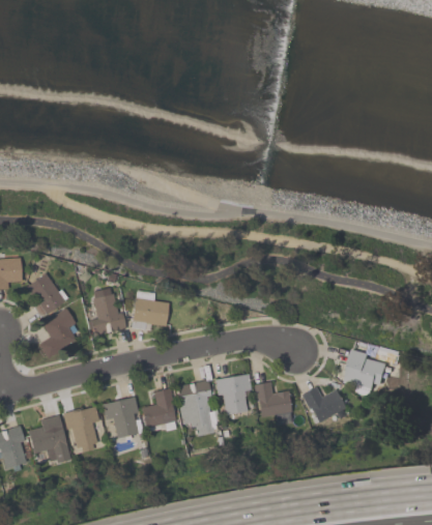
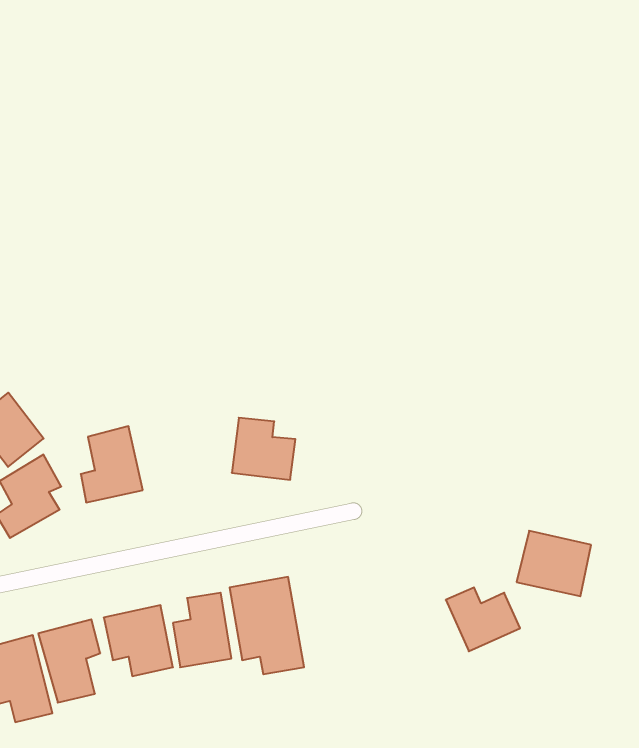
building: [132,291,169,327] -> [232,418,295,480]
building: [217,375,251,415] -> none
building: [254,382,293,425] -> none

